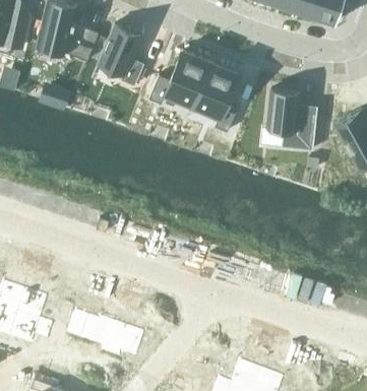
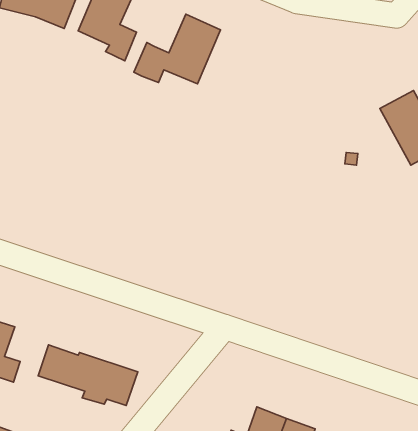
building: [192,62,239,132] -> none
building: [261,89,317,150] -> none

